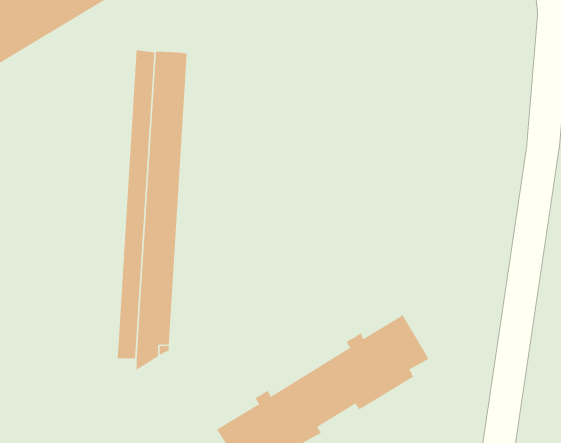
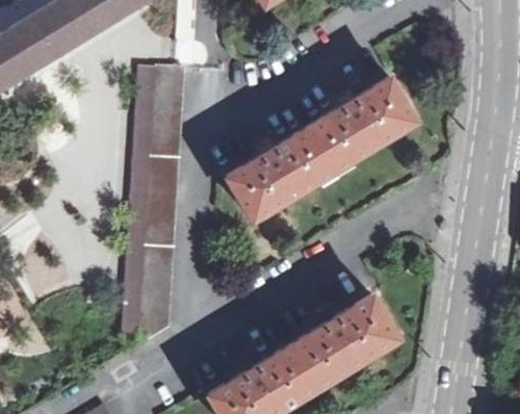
building: none -> [227,79,413,215]

